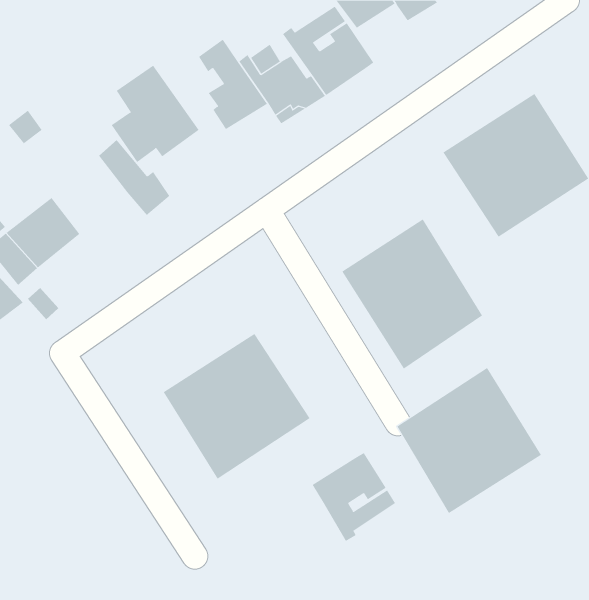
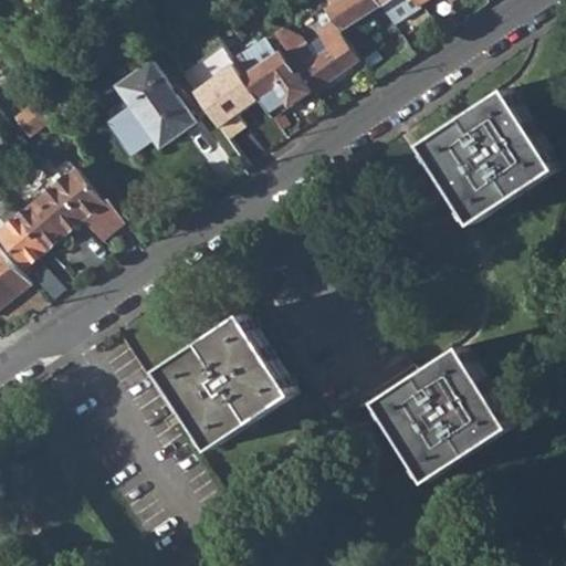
building: [98,139,170,216] -> [49,172,116,244]
building: [342,219,483,370] -> none
building: [312,452,396,542] -> none

